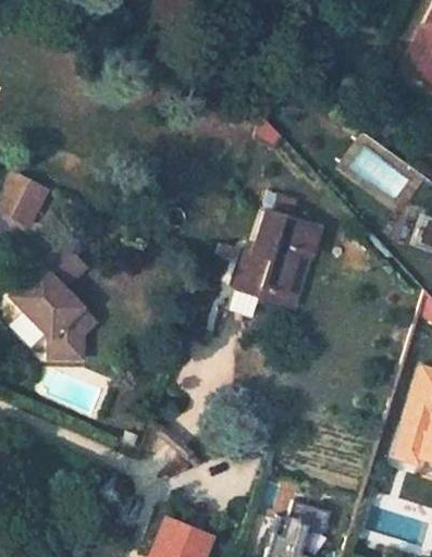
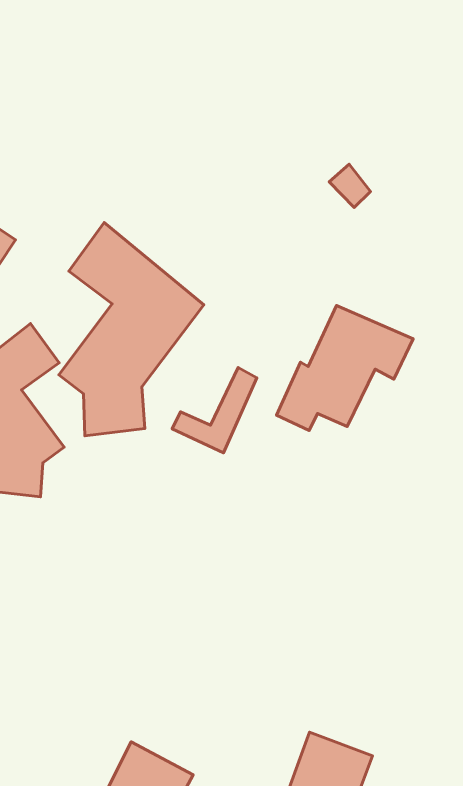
building: none -> [59,223,204,436]
building: [259,251,311,309] -> [172,367,257,453]

